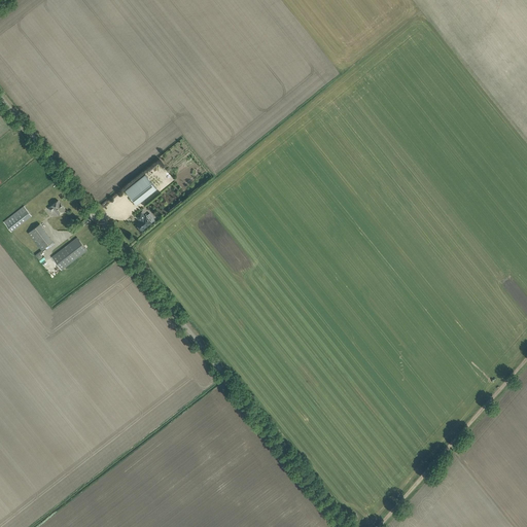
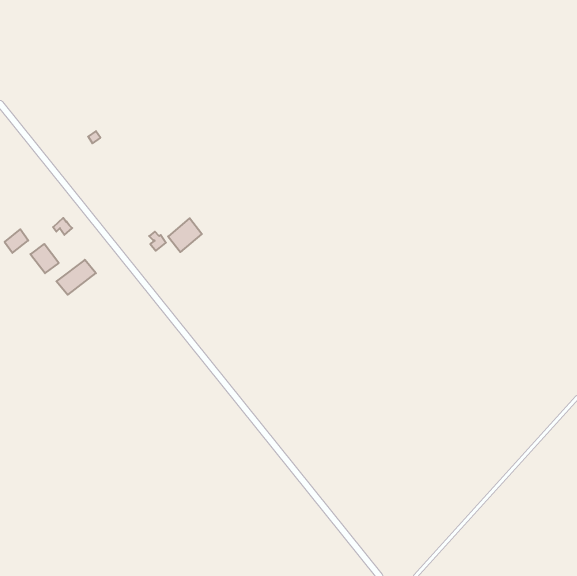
building: [126,173,156,204] -> [168,218,202,252]

